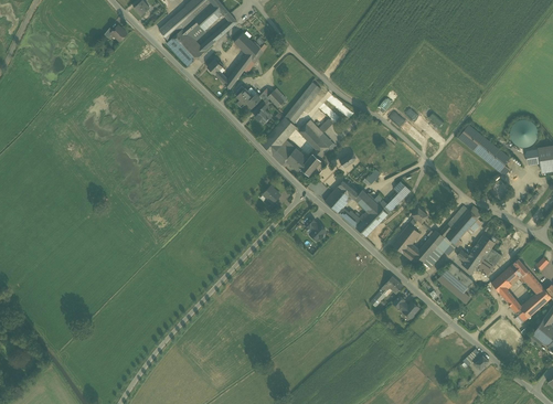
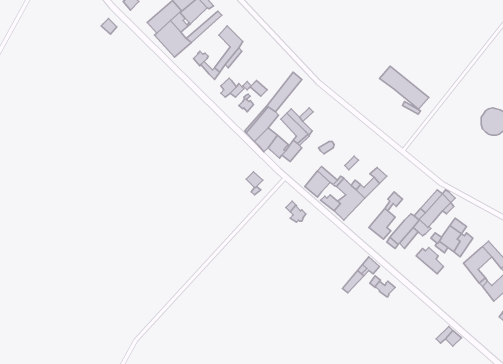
building: [458,126,510,171] -> [380,66,429,109]

